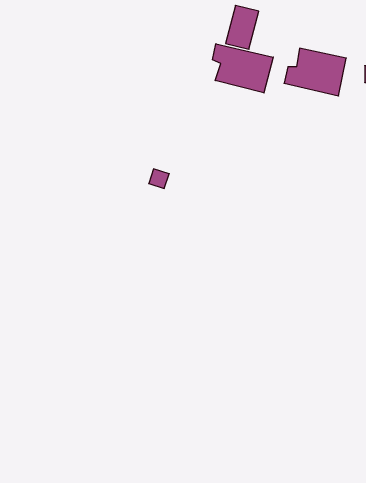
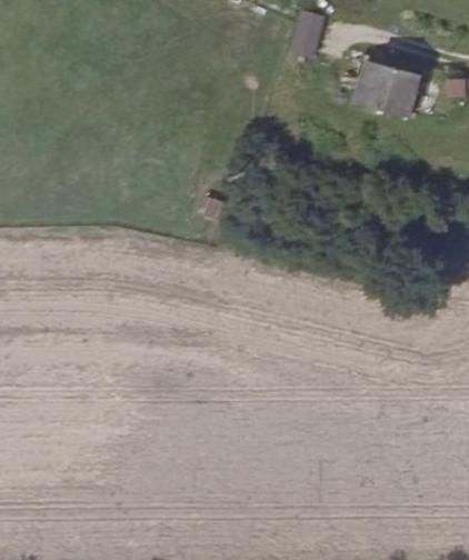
building: [212,44,273,93] -> none

